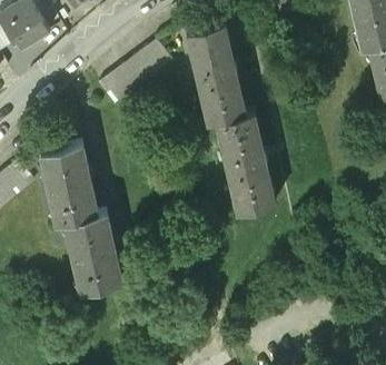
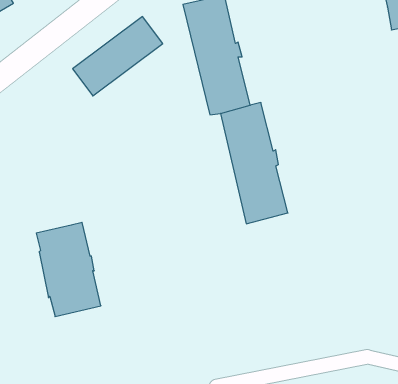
building: [44,141,97,220] -> none

